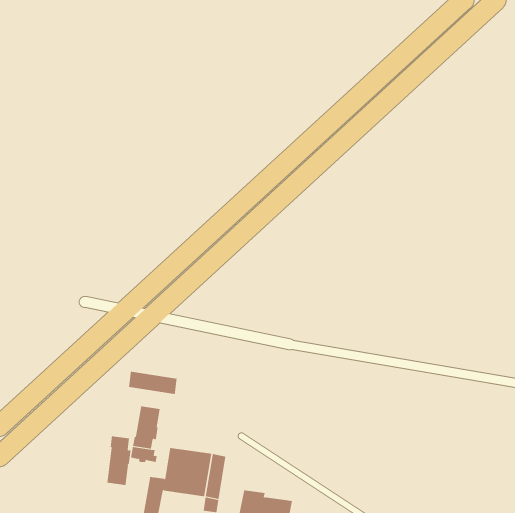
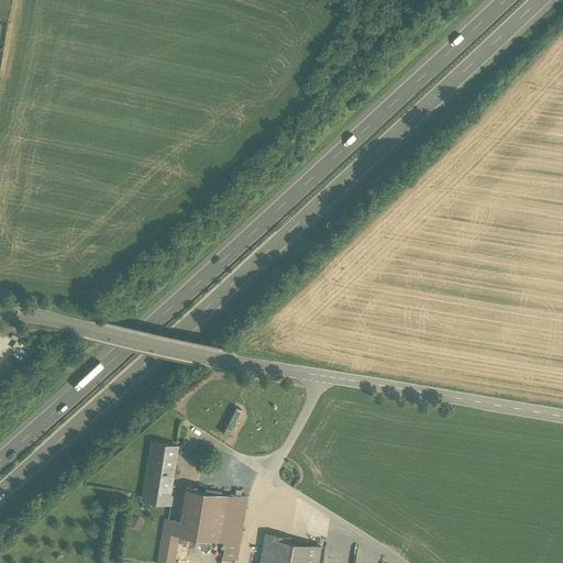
building: [129,371,177,395] -> none
building: [107,436,131,486] -> none

